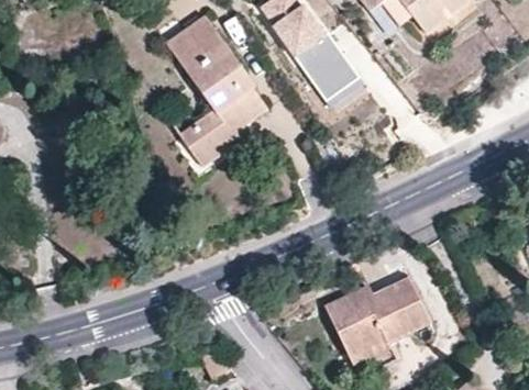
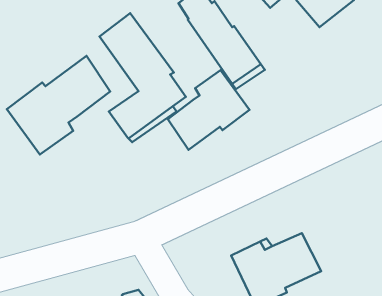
building: none -> [7,56,110,155]
building: none -> [168,70,249,150]

